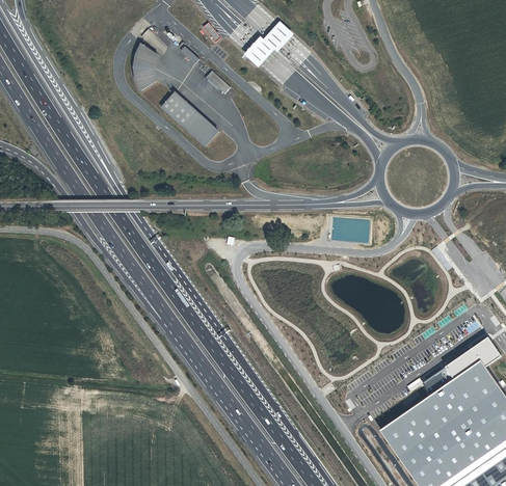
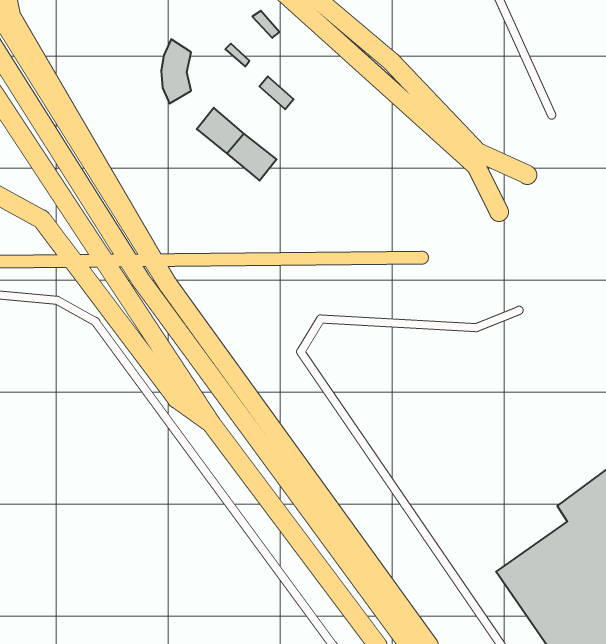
building: [242,20,292,65] -> none

